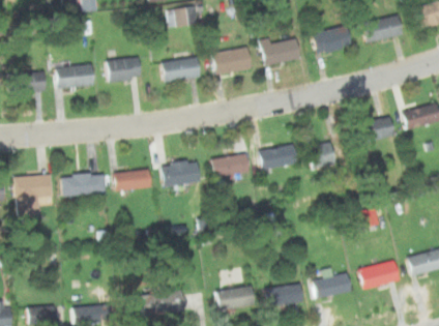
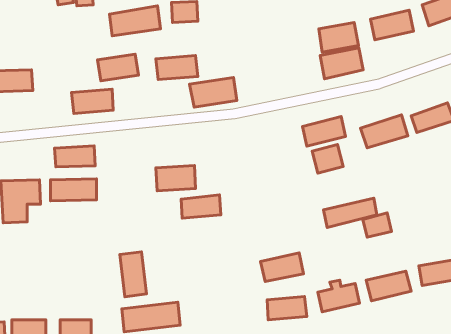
building: none -> [110,6,161,36]
building: [260,38,300,67] -> [320,48,363,79]
building: [210,47,255,75] -> [190,78,237,107]
building: [54,65,93,88] -> [72,89,113,113]
building: [257,143,297,171] -> [303,117,345,146]
building: [210,154,247,176] -> [181,195,221,218]
building: [111,170,149,189] -> [55,146,95,167]
building: none -> [324,198,377,227]
building: none -> [120,252,147,297]
building: [216,285,257,312] -> [261,253,304,281]

